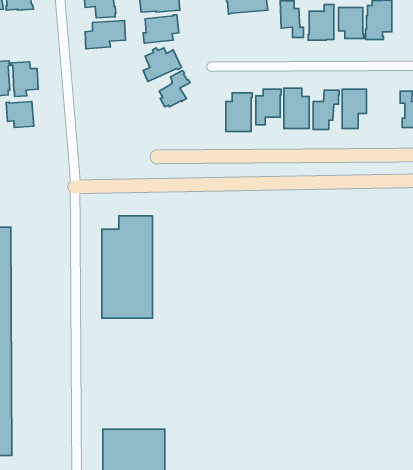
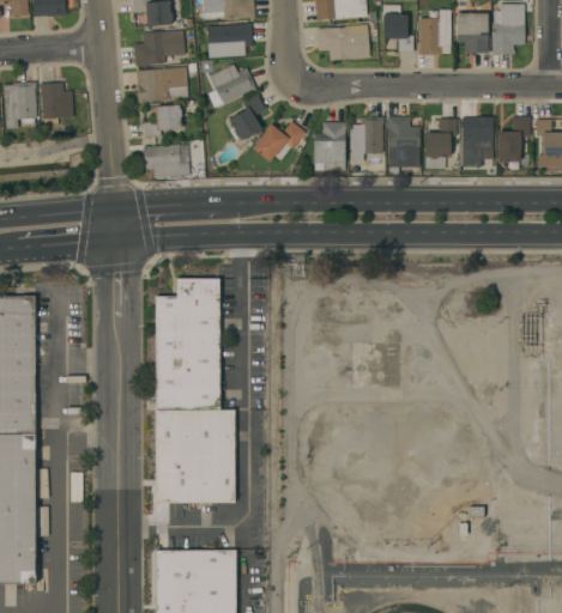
building: none -> [316,24,376,60]
building: none -> [135,67,188,104]
building: none -> [144,105,182,138]
building: none -> [497,116,531,163]
building: none -> [252,121,306,163]
building: [6,101,34,128] -> none
building: none -> [143,144,191,178]
building: none -> [155,409,235,503]

